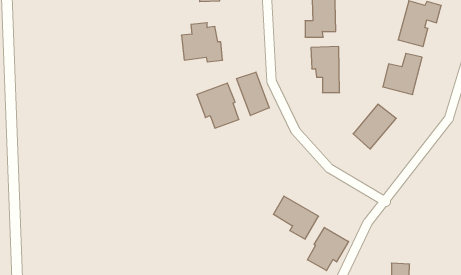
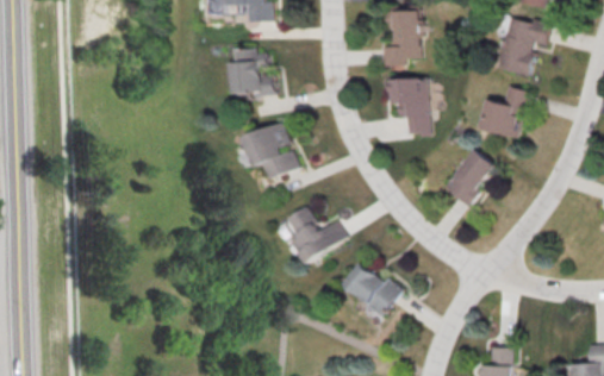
building: [237,72,269,116] -> none
building: none -> [285,206,343,263]
building: [307,227,349,271] -> none

